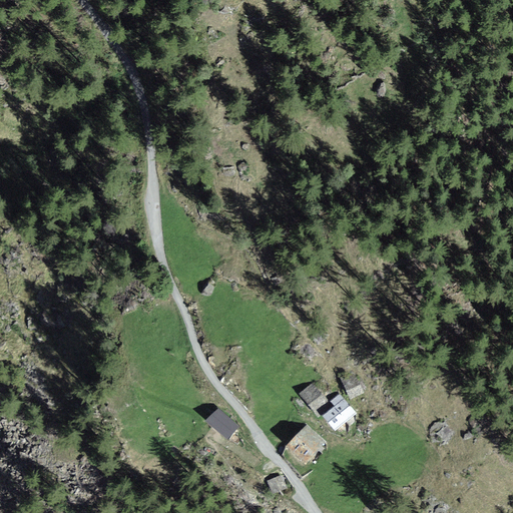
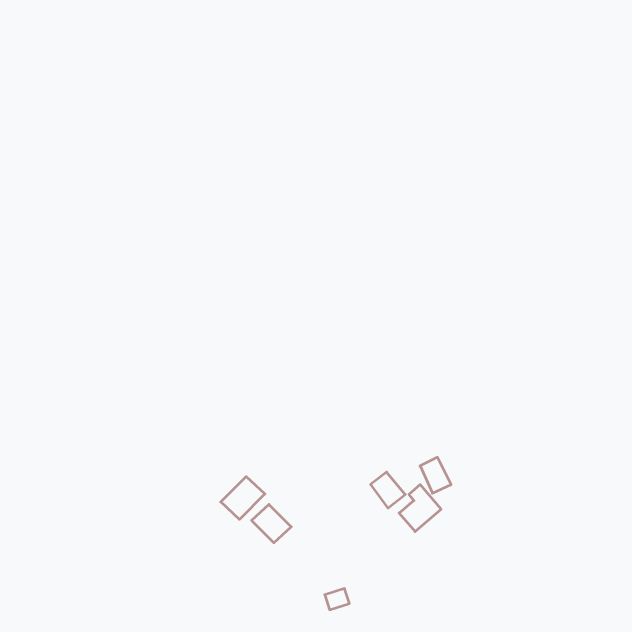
building: none -> [221,477,265,519]
building: [284,426,325,465] -> none

